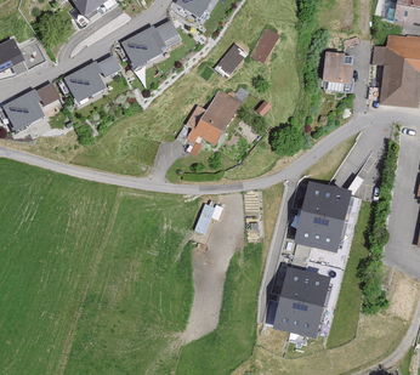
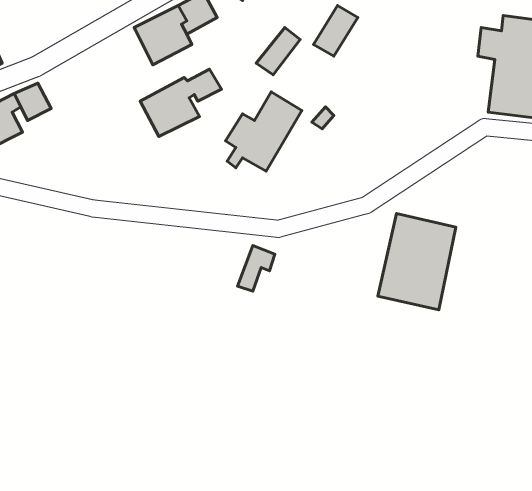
building: [317,50,347,84] -> none
building: [63,56,121,104] -> [140,69,221,137]
building: [273,262,330,330] -> none

